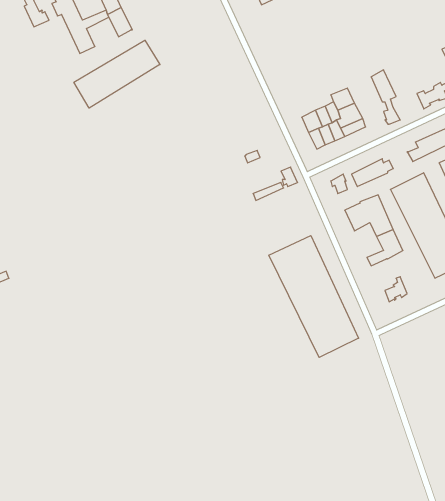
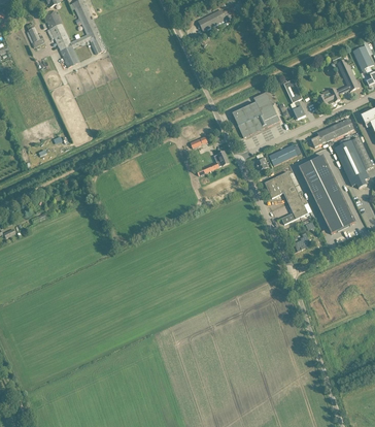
building: [74,40,160,108] -> none
building: [269,236,359,357] -> none

